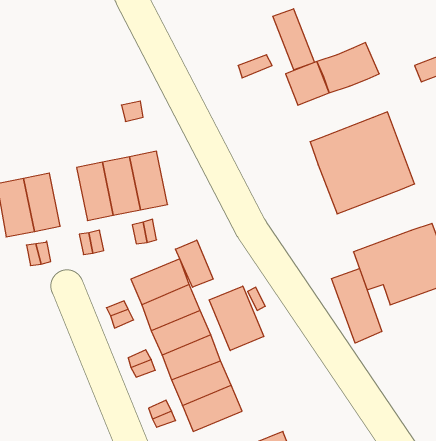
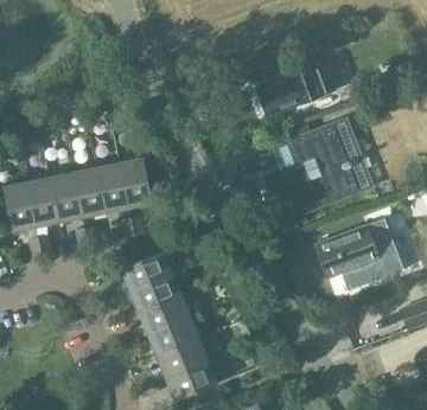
building: [273,9,314,70] -> none
building: none -> [51,171,84,222]
building: [175,240,213,287] -> none
building: [332,269,382,343] -> none
building: [209,286,264,351] -> none

